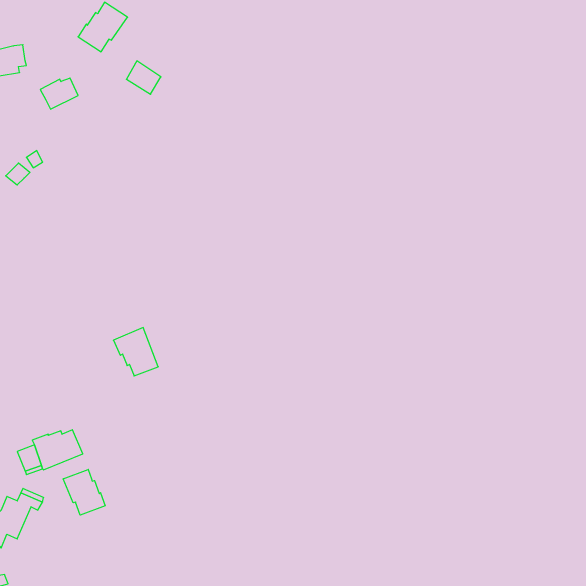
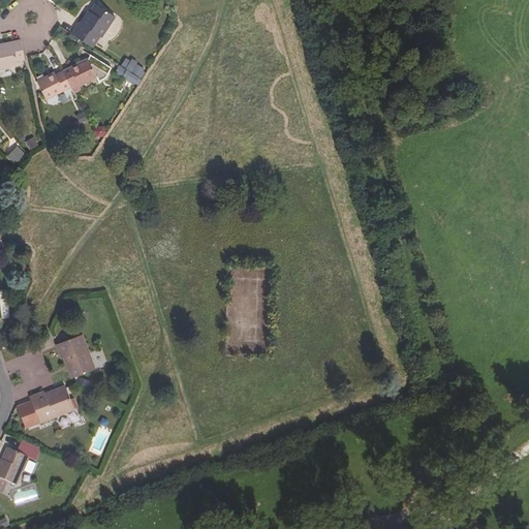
building: none -> [63,54,108,92]
building: [113,328,158,376] -> [55,333,95,376]
building: [63,469,105,515] -> none

